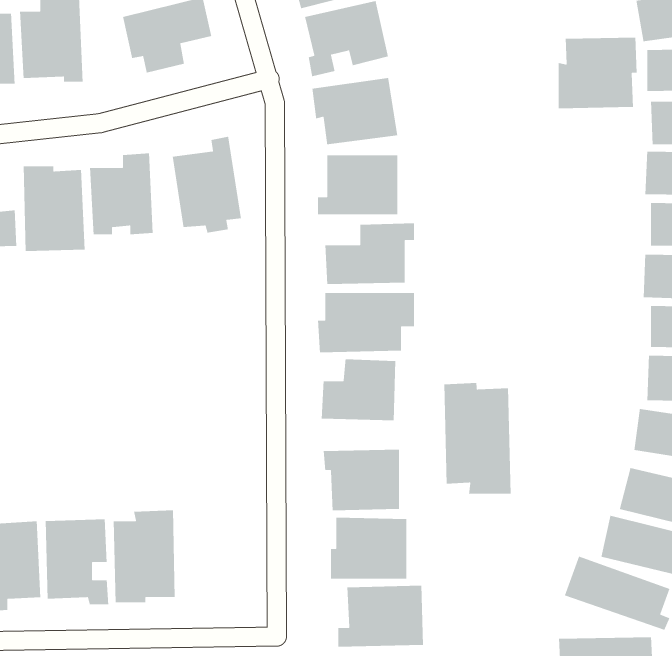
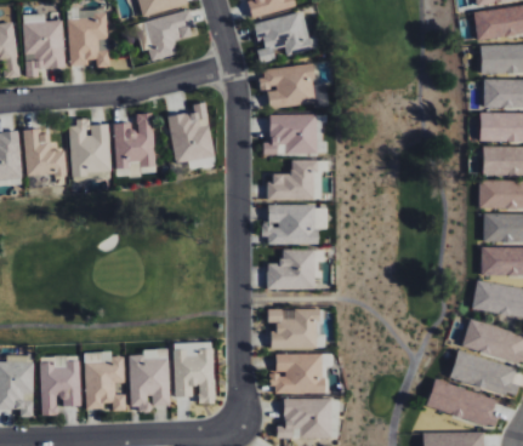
building: [558,37,637,109] -> none
building: [443,382,512,495] -> none
building: none -> [174,342,215,404]

